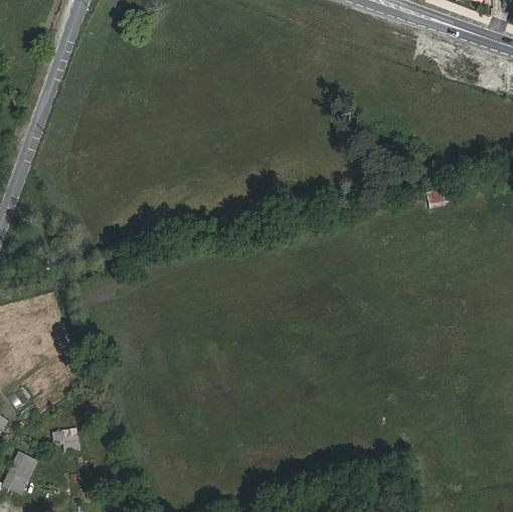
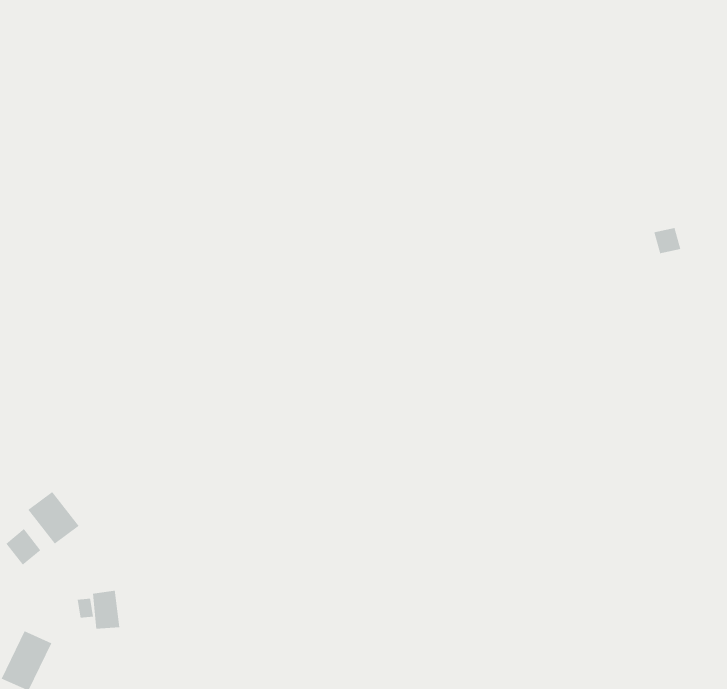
building: none -> [27,491,80,544]

